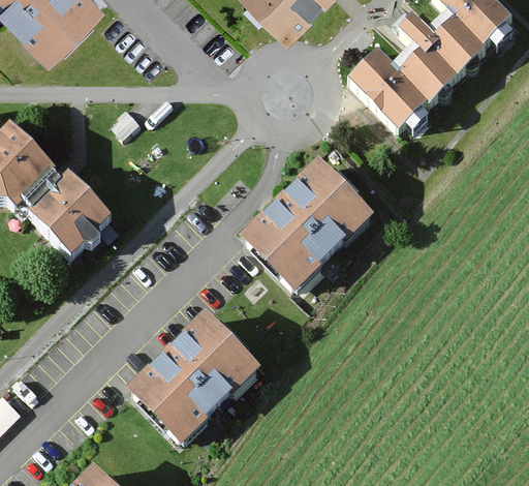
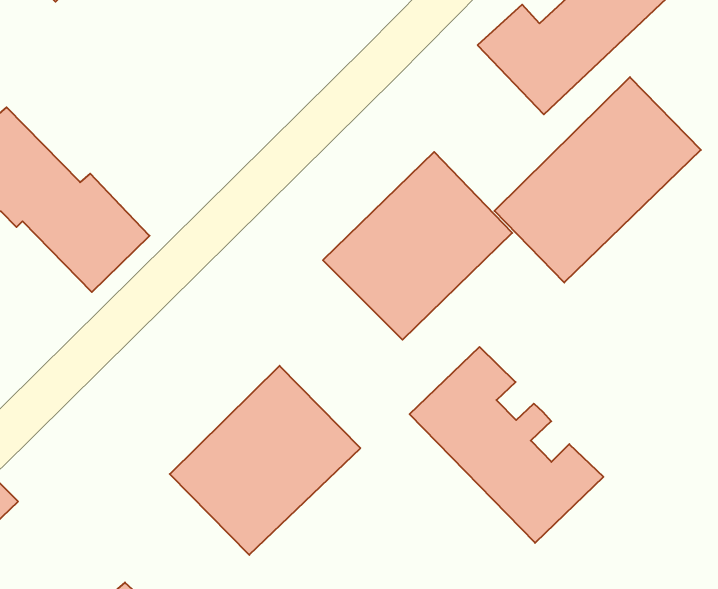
building: none -> [494,77,701,283]
building: none -> [410,347,603,543]

